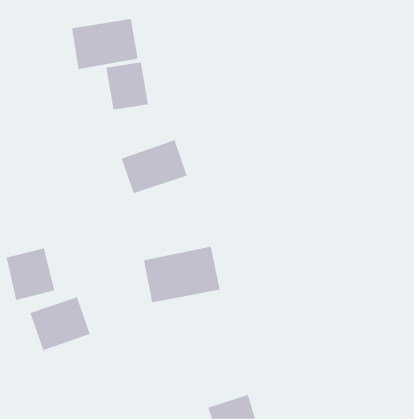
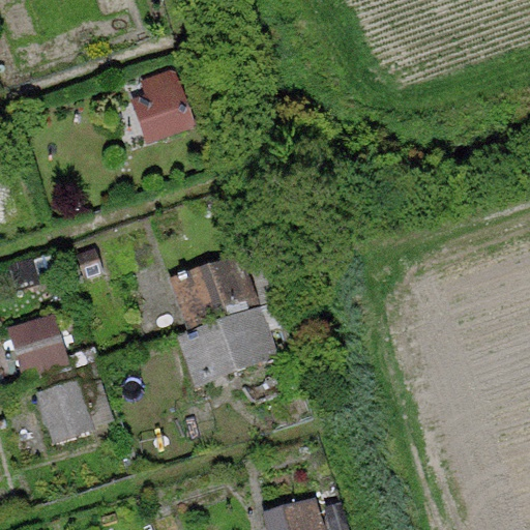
building: [71,18,138,70] -> none
building: [121,139,188,194] -> [169,255,253,323]

